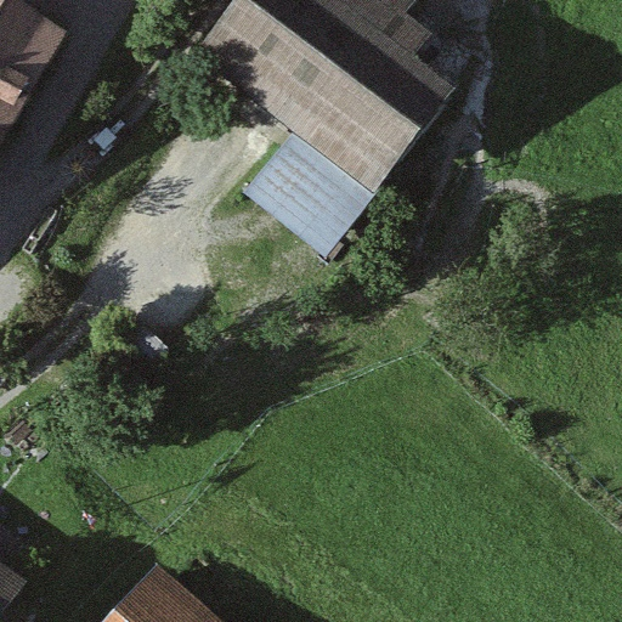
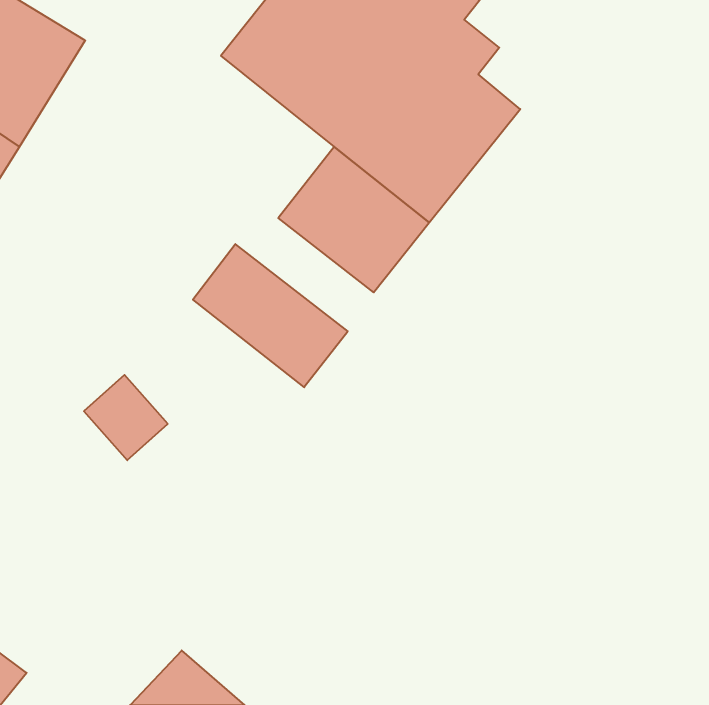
building: none -> [193,244,348,387]

